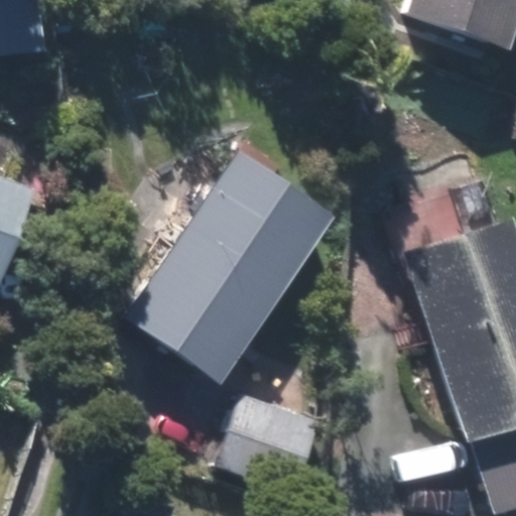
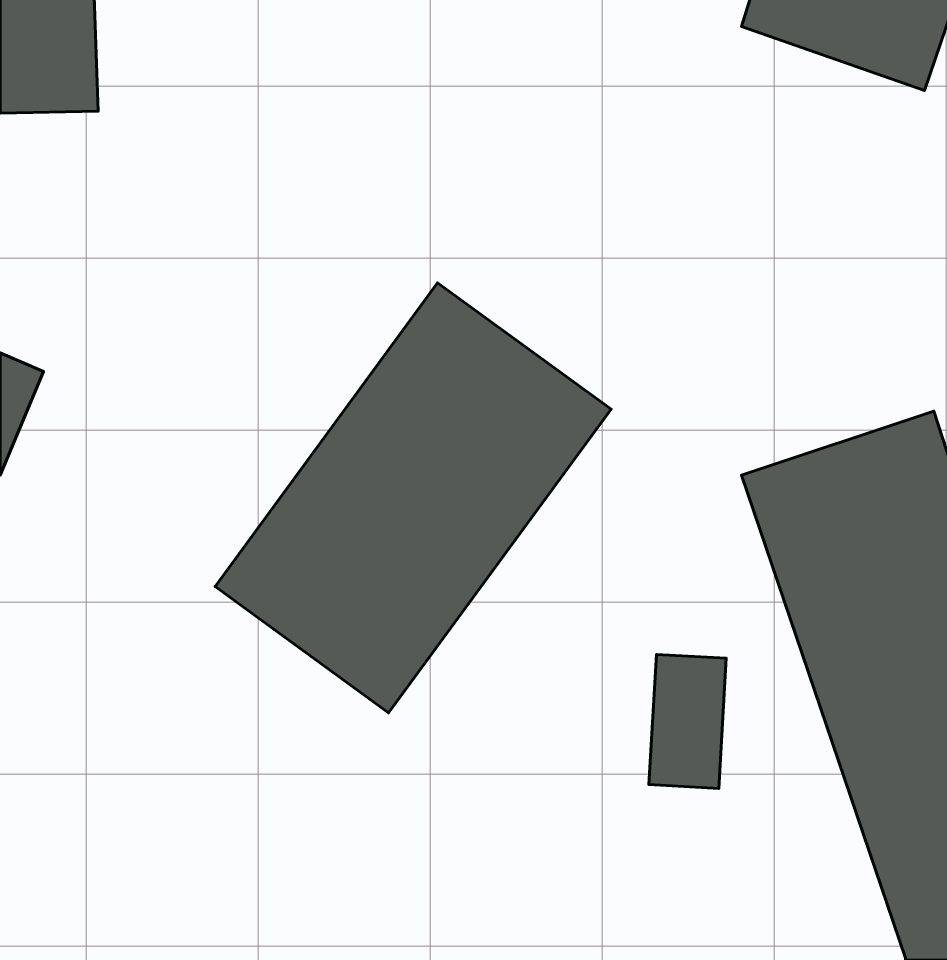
building: [216,395,319,491] -> none

